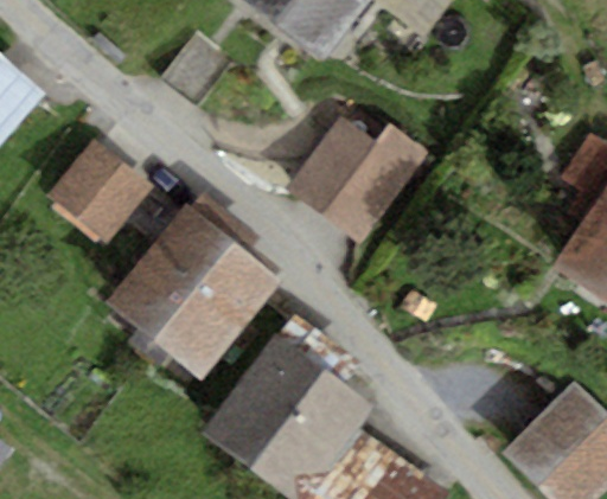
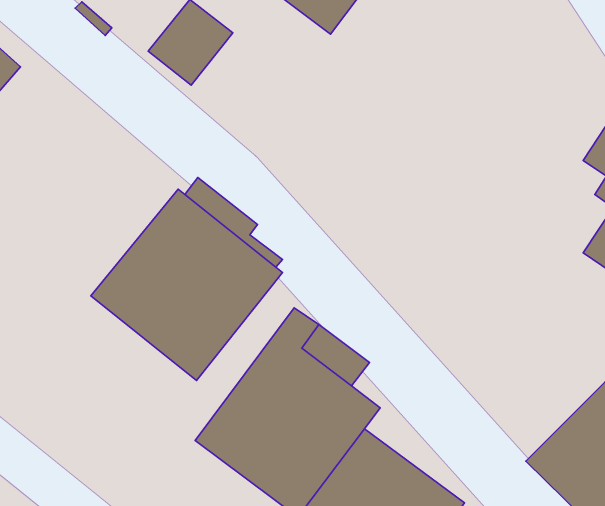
building: [286,116,432,248] -> none
building: [47,140,153,245] -> none

